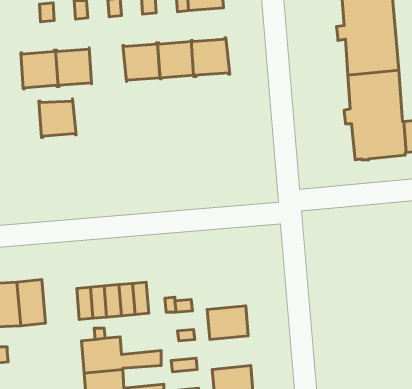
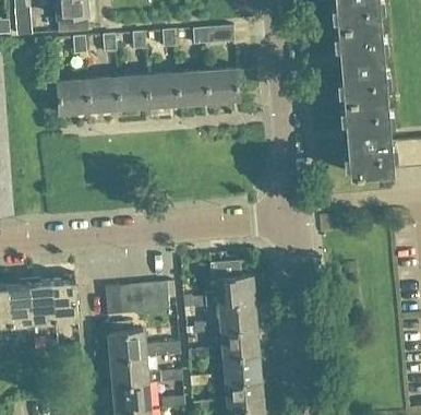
building: [39,99,76,137] -> [116,74,148,108]
building: none -> [216,261,253,306]
building: none -> [221,329,257,358]

